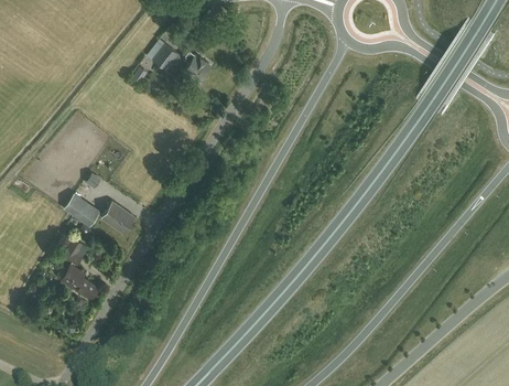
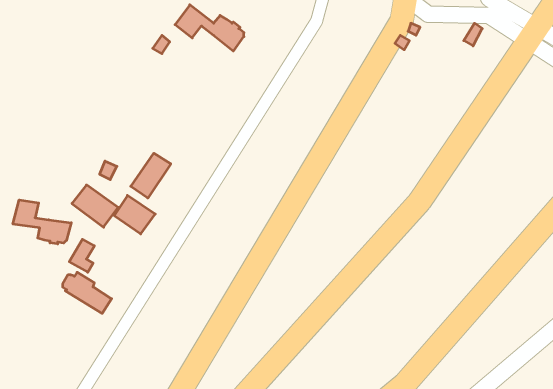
building: none -> [131,153,171,198]
building: none -> [13,200,71,244]

